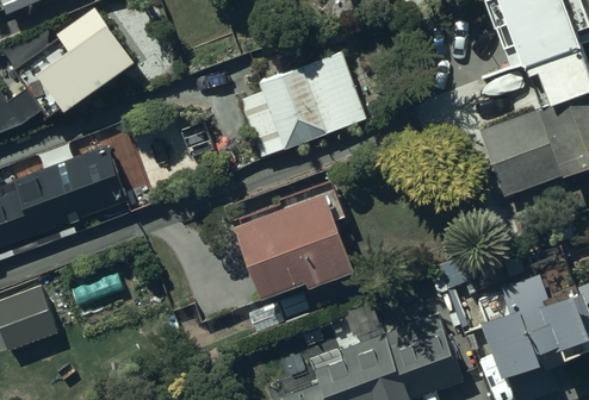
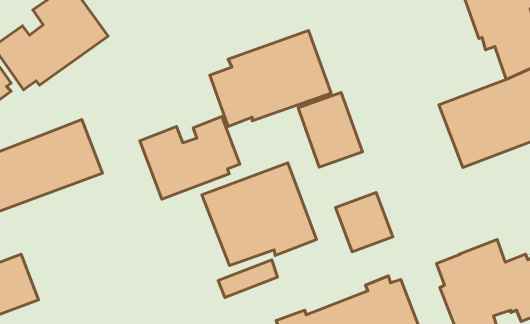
building: none -> [298,93,362,167]
building: none -> [140,116,240,199]
building: none -> [336,193,393,252]

